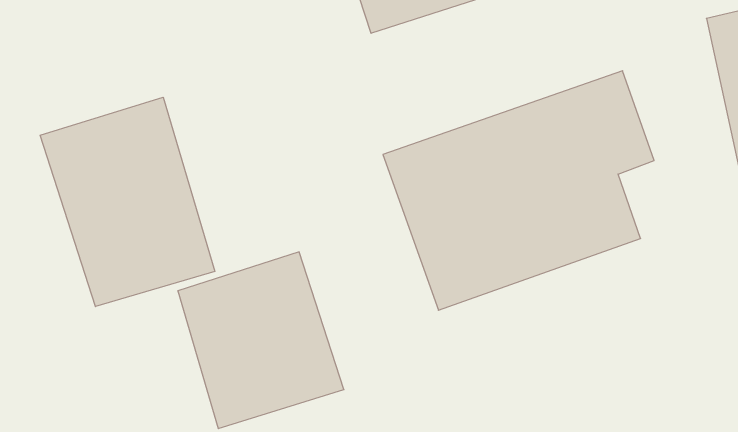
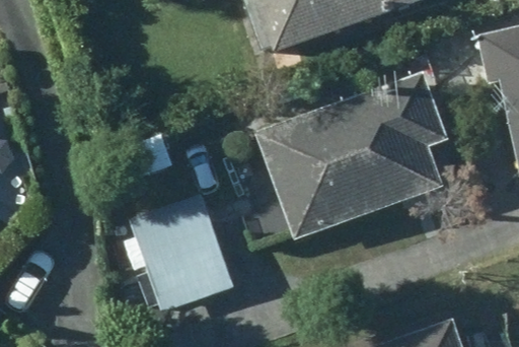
building: [40,97,215,307] -> none

